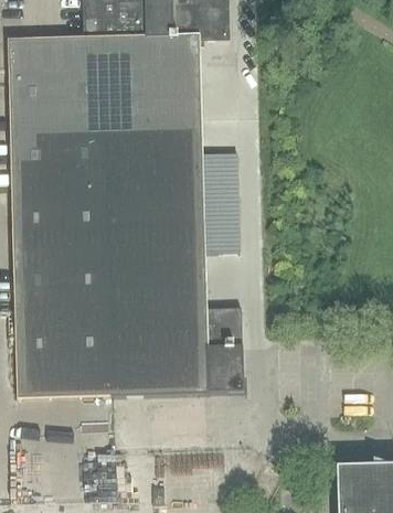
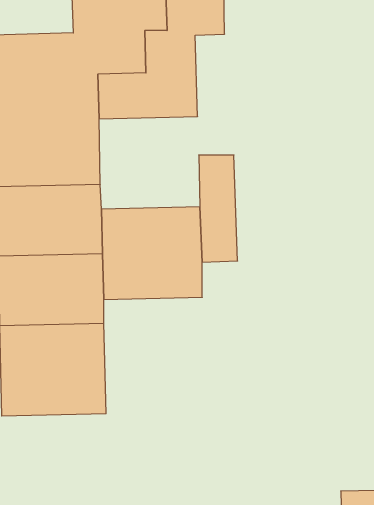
building: [108,115,203,202] -> none
building: [113,285,244,394] -> none

